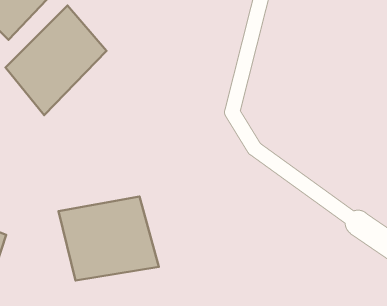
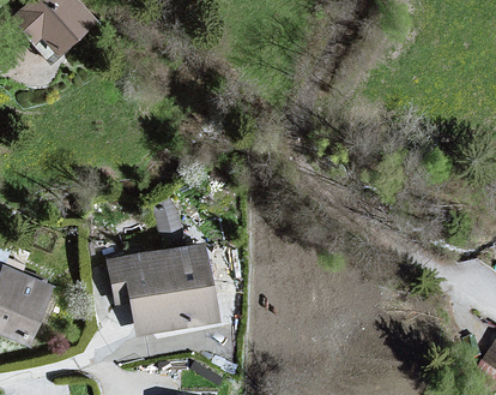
building: [6,5,107,115] -> none

